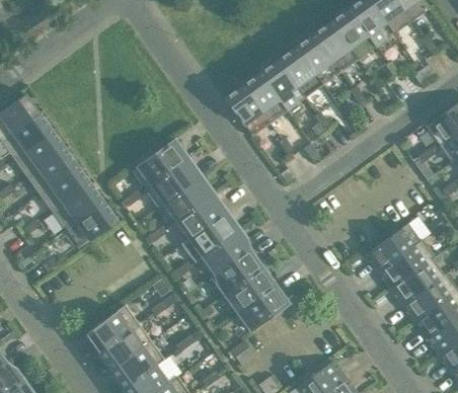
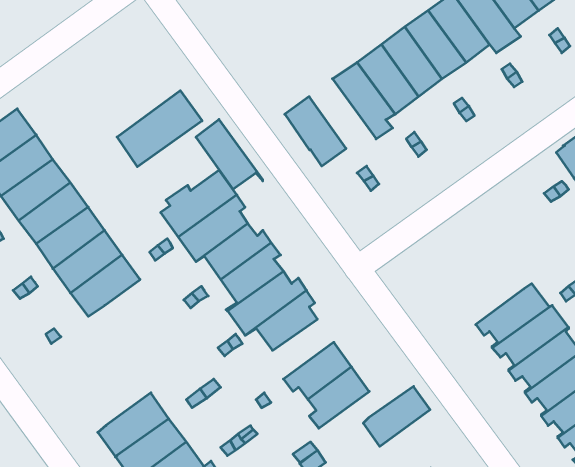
building: [242,70,292,122] -> [196,119,263,189]
building: none -> [117,91,202,167]
building: [211,248,260,293] -> [363,386,430,446]

